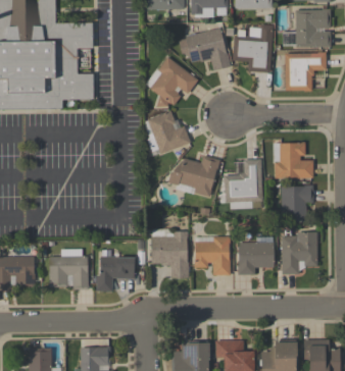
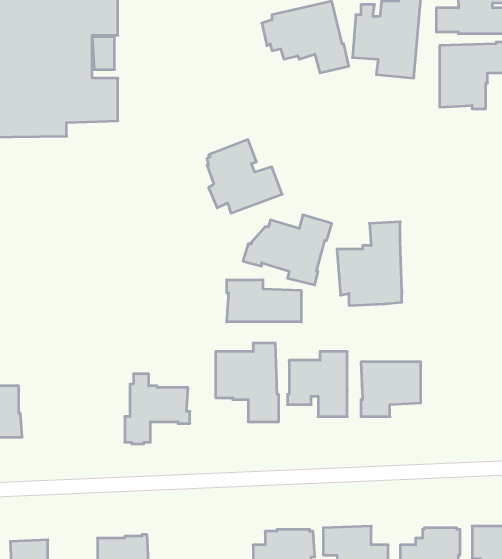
building: [146,57,198,107] -> none
building: [274,142,313,178] -> none
building: [281,186,313,222] -> none
building: none -> [227,280,301,322]
building: [281,232,317,274] -> none
building: [49,249,89,289] -> none

